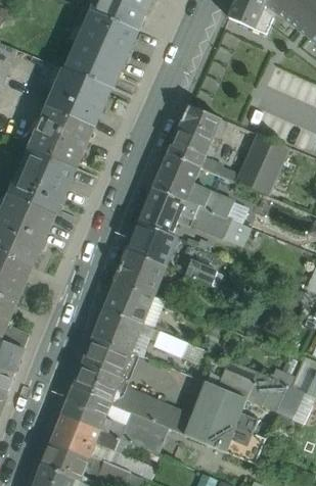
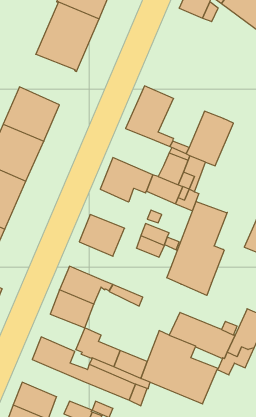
building: [48,67,110,126] -> none
building: [153,152,211,206] -> none
building: [128,221,178,264] -> none
building: none -> [167,201,227,295]
building: [104,280,153,324] -> none
building: [73,361,122,403] -> none
building: [51,412,120,454] -> none

